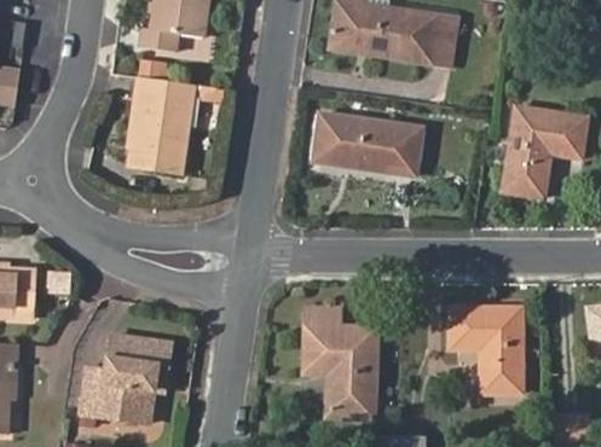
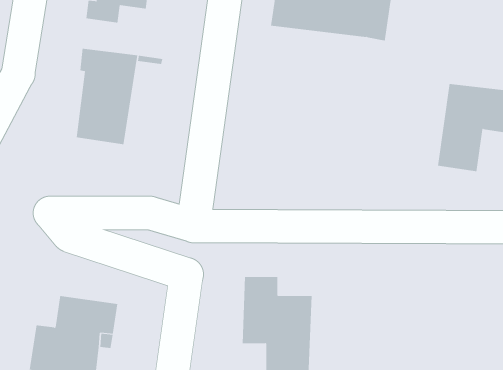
building: [317,112,422,176] -> none
building: [447,307,527,393] -> none

